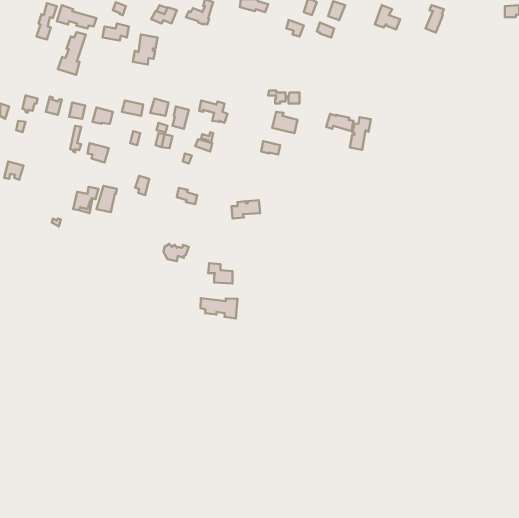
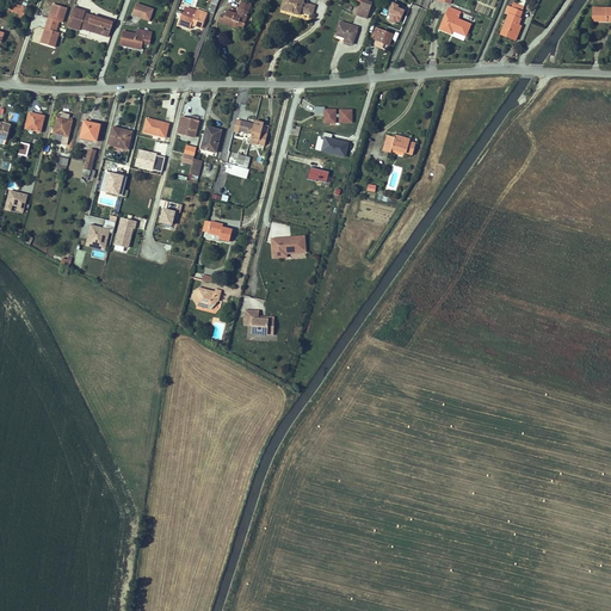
building: [58,32,86,75] -> none
building: [133,35,157,65] -> none
building: [350,117,371,150] -> none
building: [200,298,238,318] -> none

